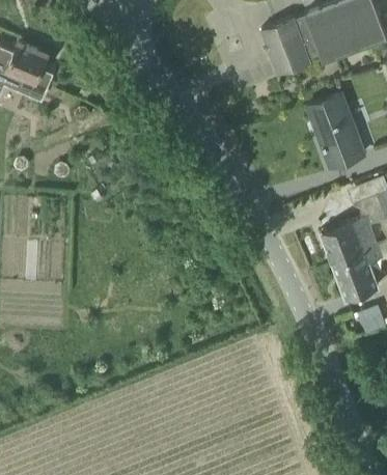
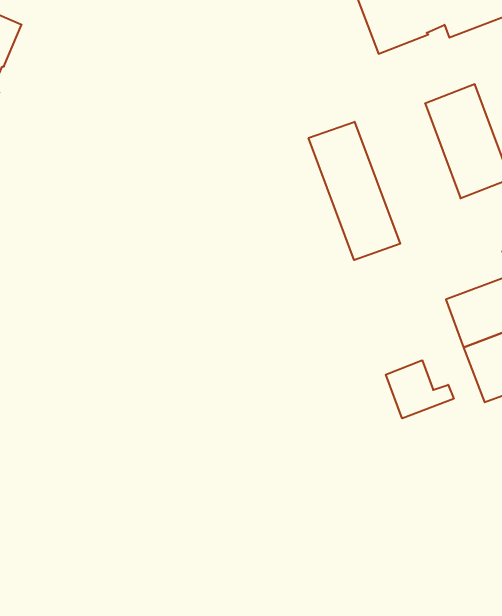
building: none -> [309,122,400,260]
building: none -> [386,360,454,418]

